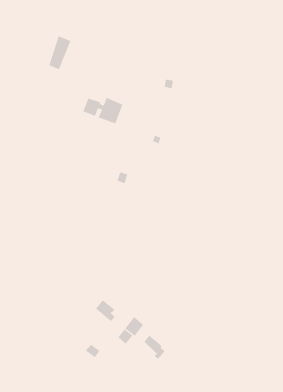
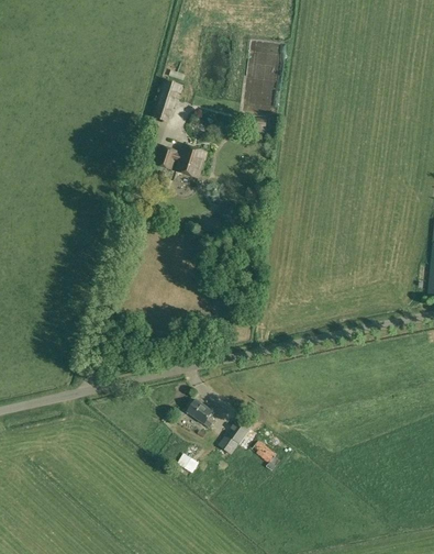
building: [49,36,71,70] -> [155,79,181,122]

